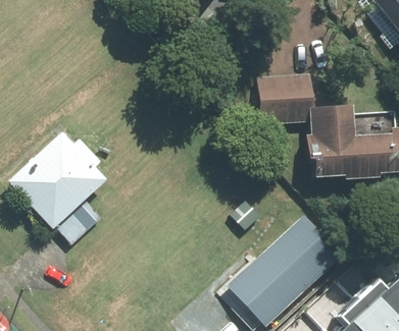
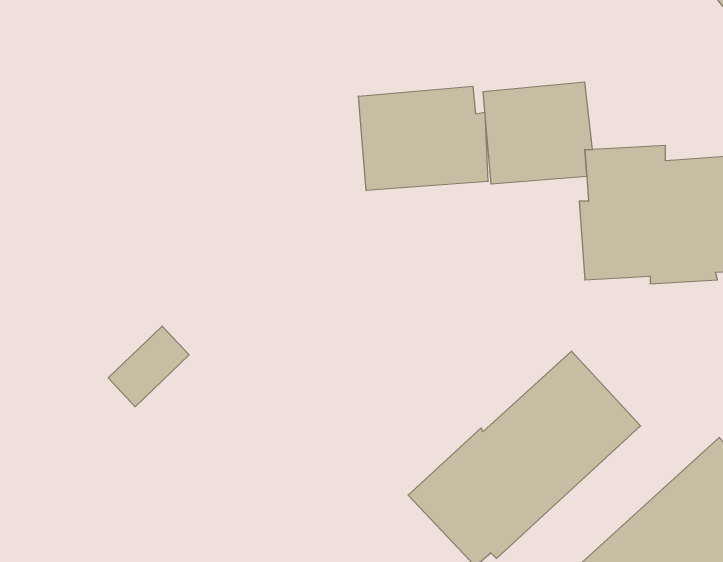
building: none -> [358,86,488,191]
building: [10,132,107,229] -> none

